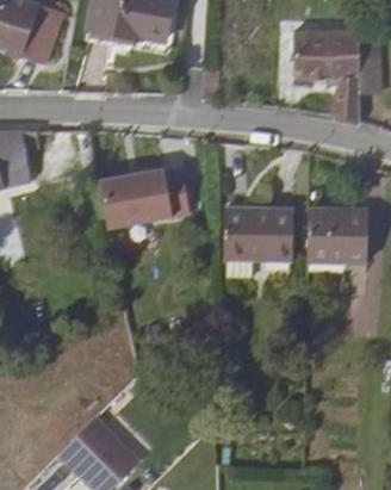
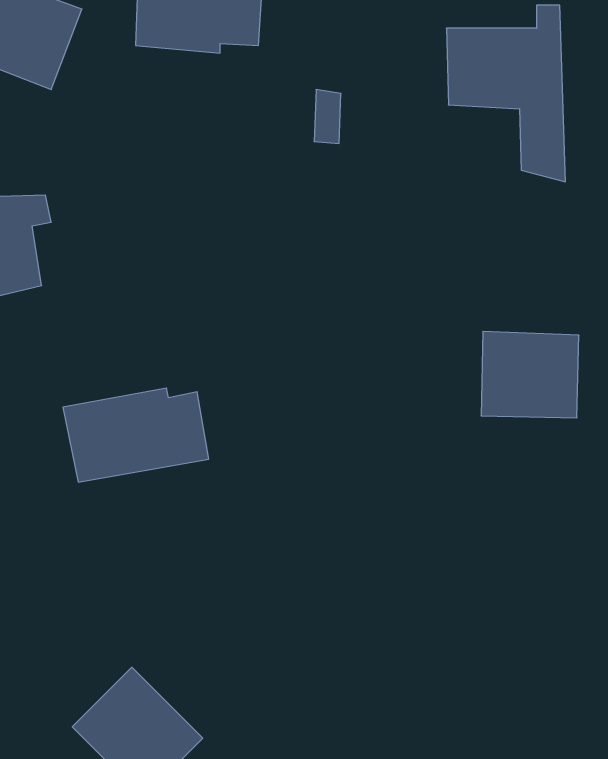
building: [101,167,192,225] -> [63,388,209,482]
building: [223,213,292,265] -> none

